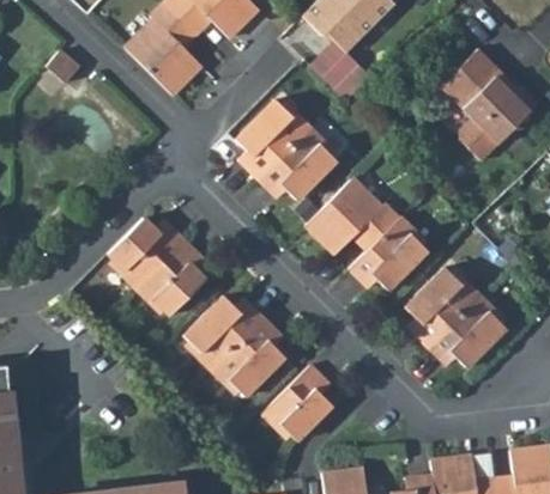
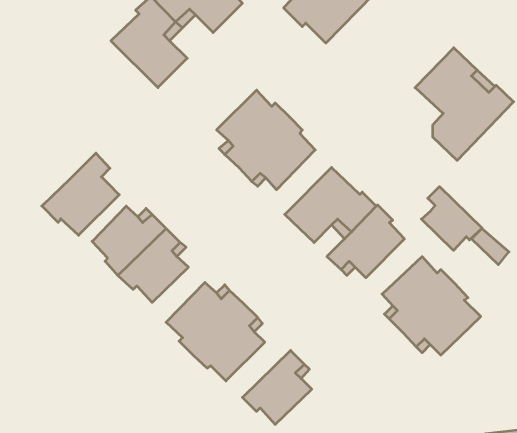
building: [310,41,373,100] -> none
building: none -> [42,153,119,235]
building: none -> [421,187,482,250]

